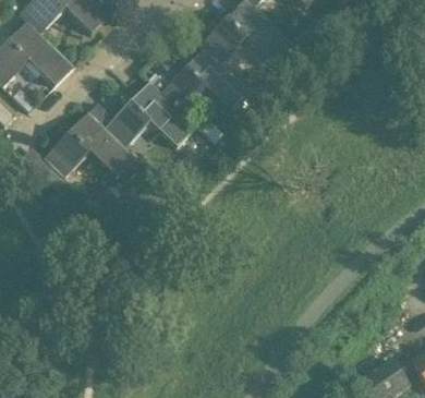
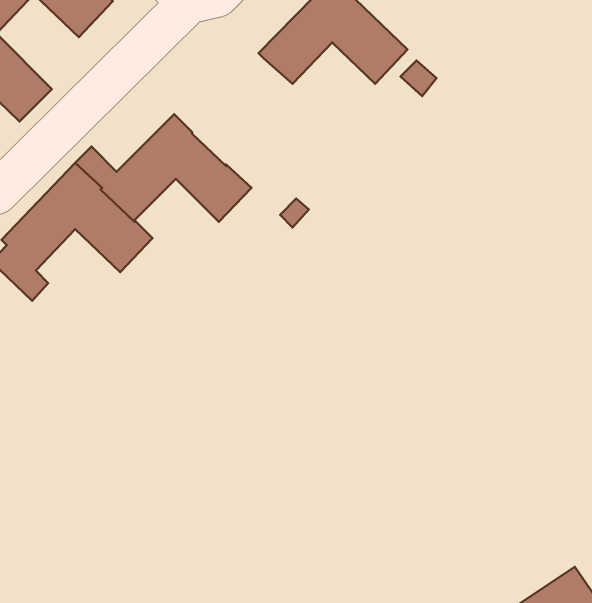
building: [159,48,250,113] -> none

